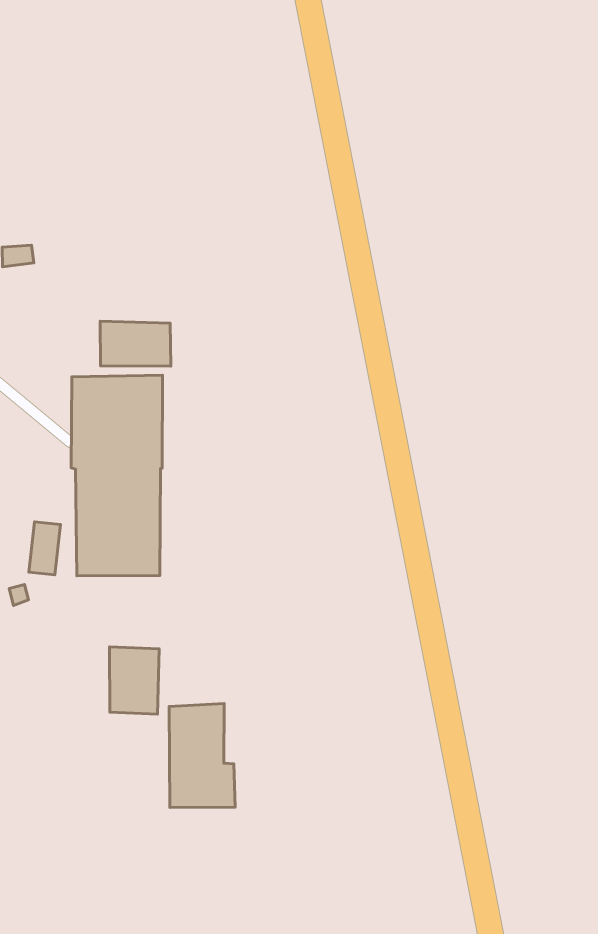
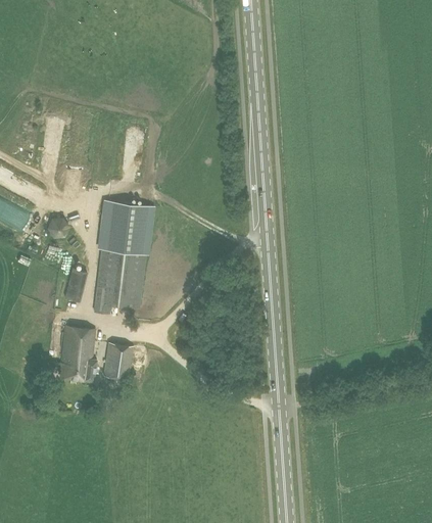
building: [100,321,171,366] -> none
building: [169,704,235,807] -> [58,327,94,383]

